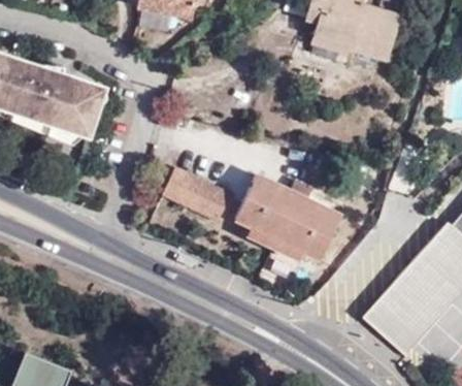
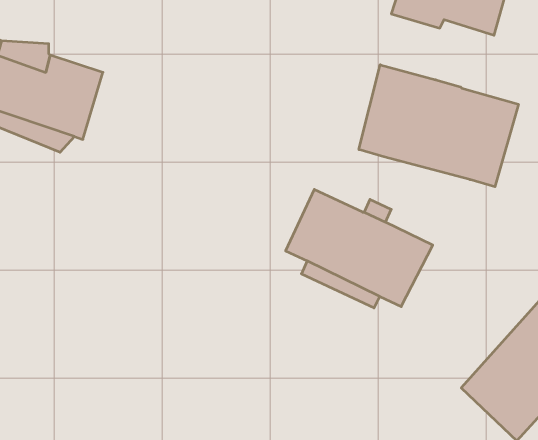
building: none -> [359,65,518,187]
building: [163,167,234,221] -> none

